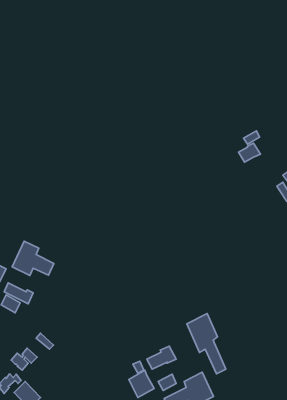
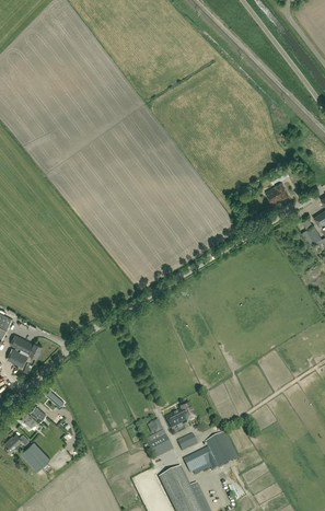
building: [12,241,54,276] -> none
building: [187,313,226,374] -> none

